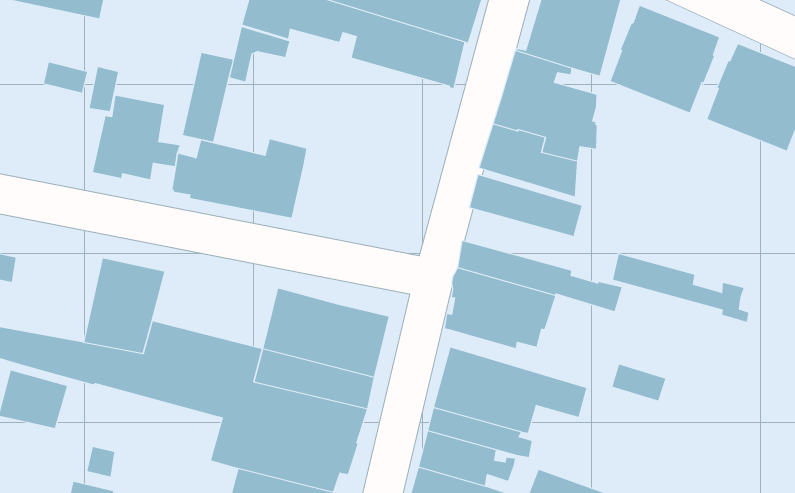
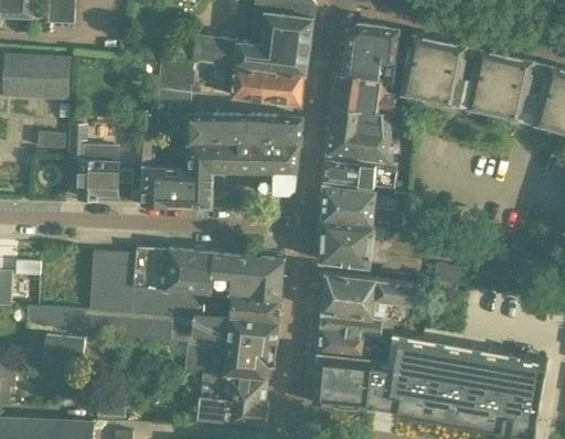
building: none -> [188,114,301,194]
building: [612,253,749,323] -> [322,185,414,216]
building: none -> [131,247,209,293]

